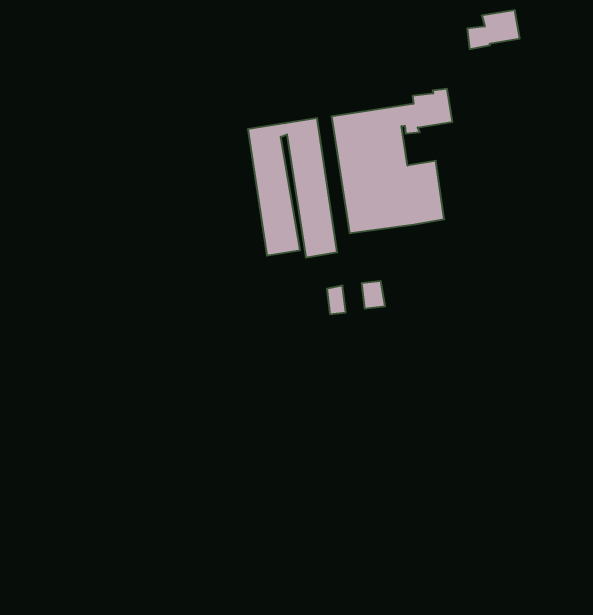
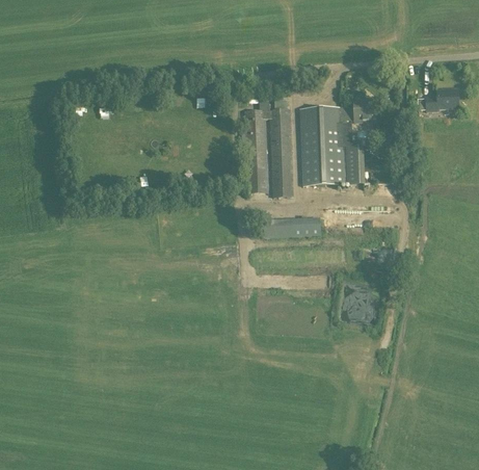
building: [467,10,520,49] -> [425,88,458,110]

